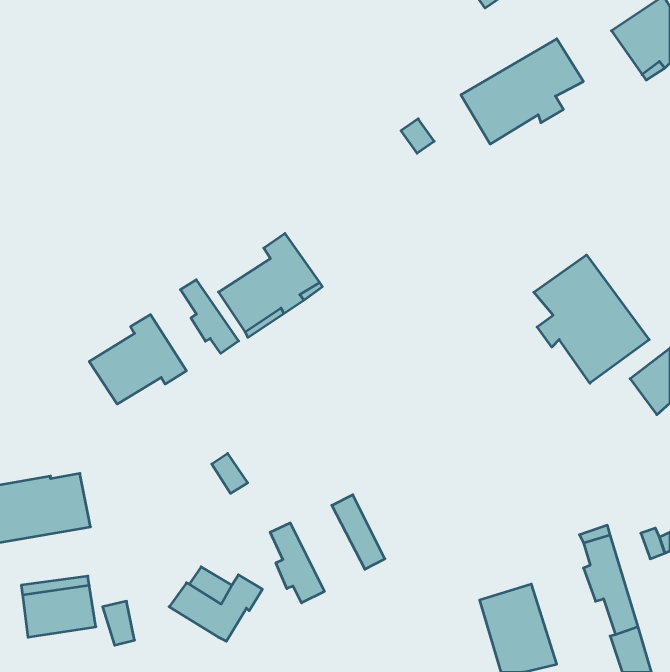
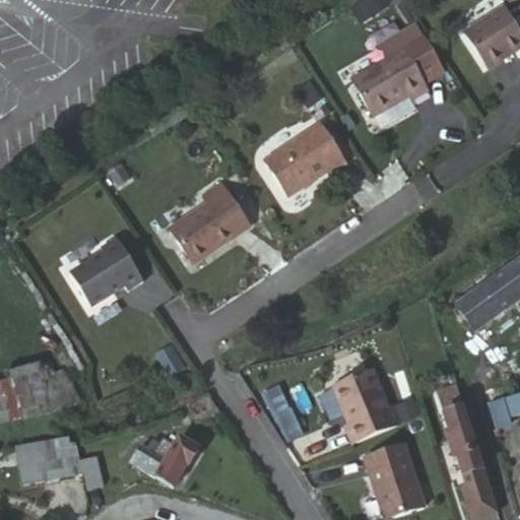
building: none -> [265,119,347,191]
building: [534,255,649,383] -> none
building: [180,280,239,353] -> none
building: none -> [460,288,501,330]
building: none -> [334,369,399,443]
building: [270,523,324,603] -> none

